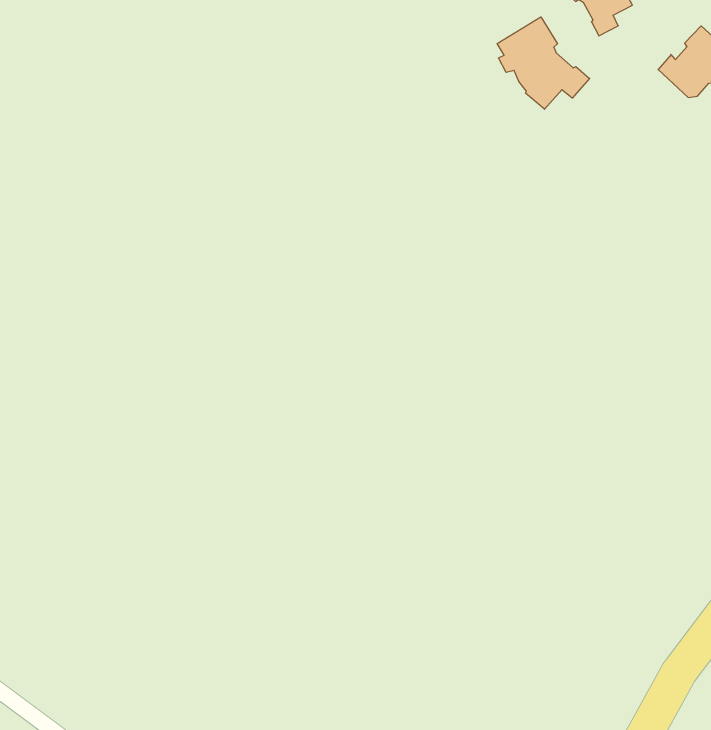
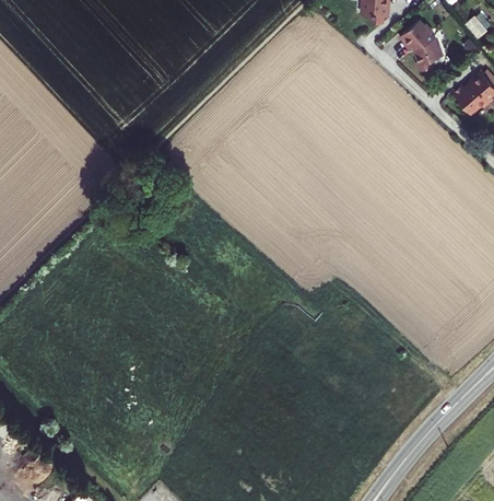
building: [497,17,590,109] -> none

